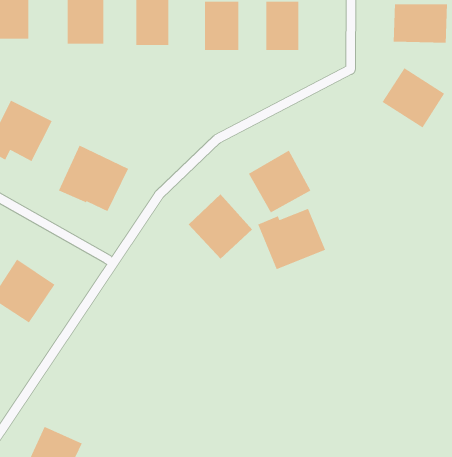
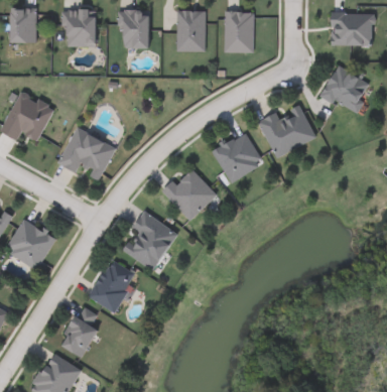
building: [257,208,326,270] -> [259,106,314,156]
building: none -> [120,212,176,271]
building: none -> [88,260,136,313]
building: none -> [57,306,102,357]

